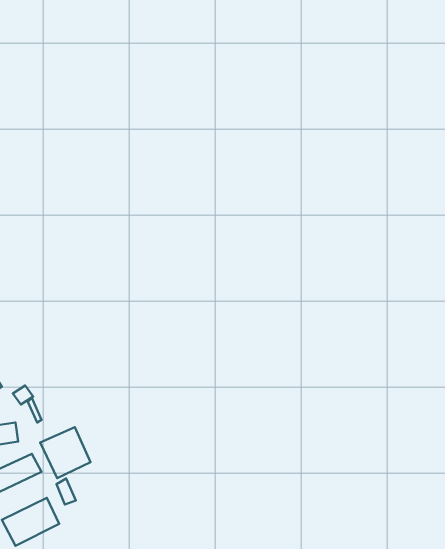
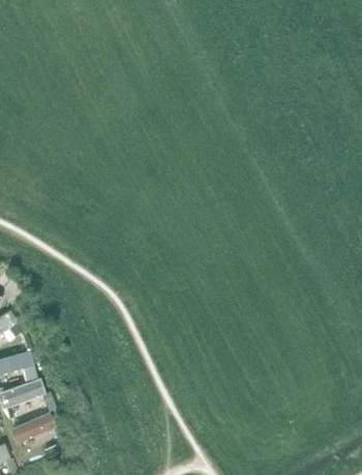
building: [40,427,91,478] -> none

